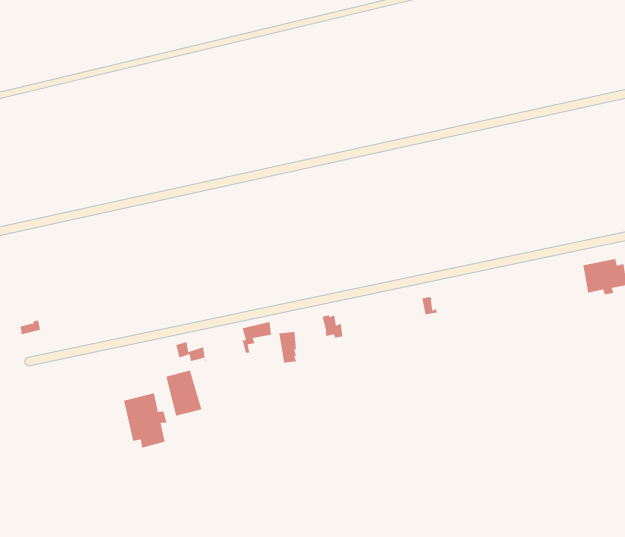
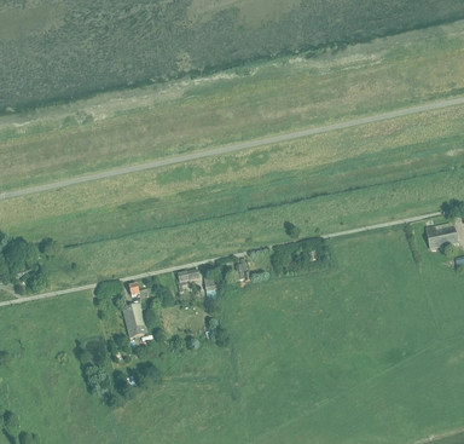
building: [124,393,167,449] -> none

